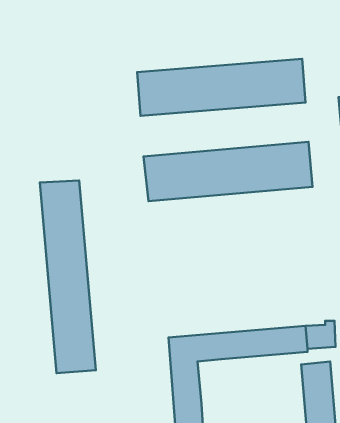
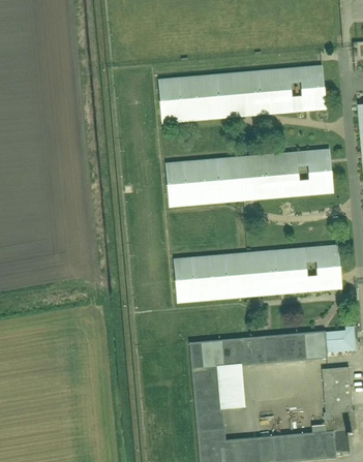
building: [40,181,96,373] -> none
building: none -> [173,244,342,302]
building: none -> [218,364,245,408]

